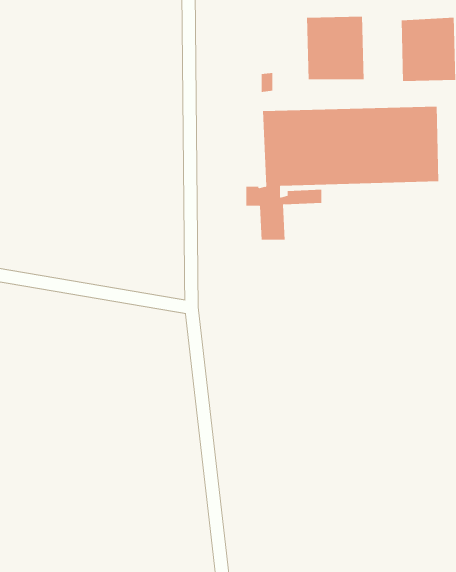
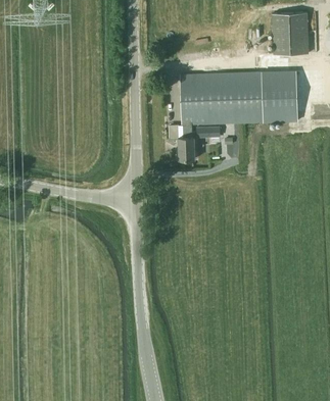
building: [307,16,364,80] -> none

